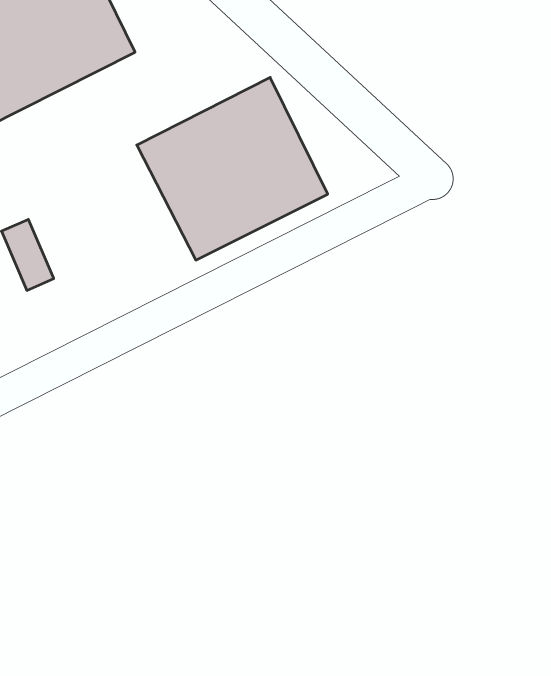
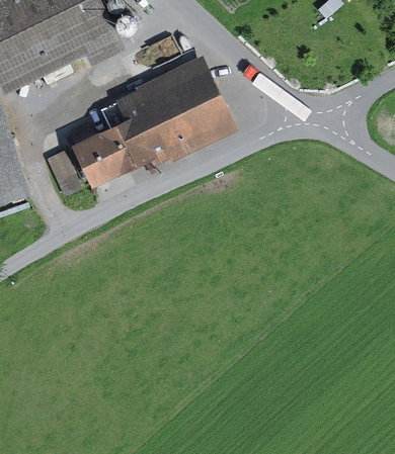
building: none -> [72,126,130,182]

